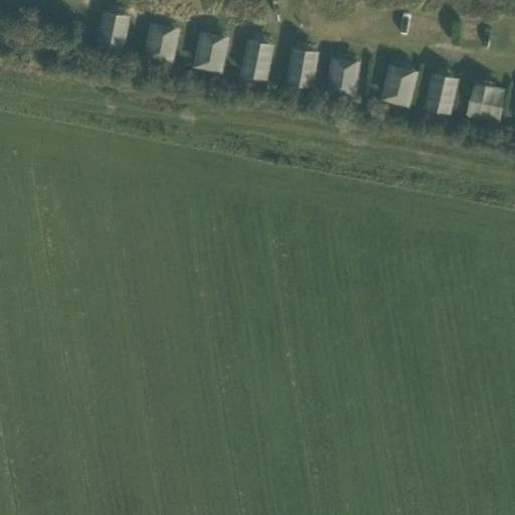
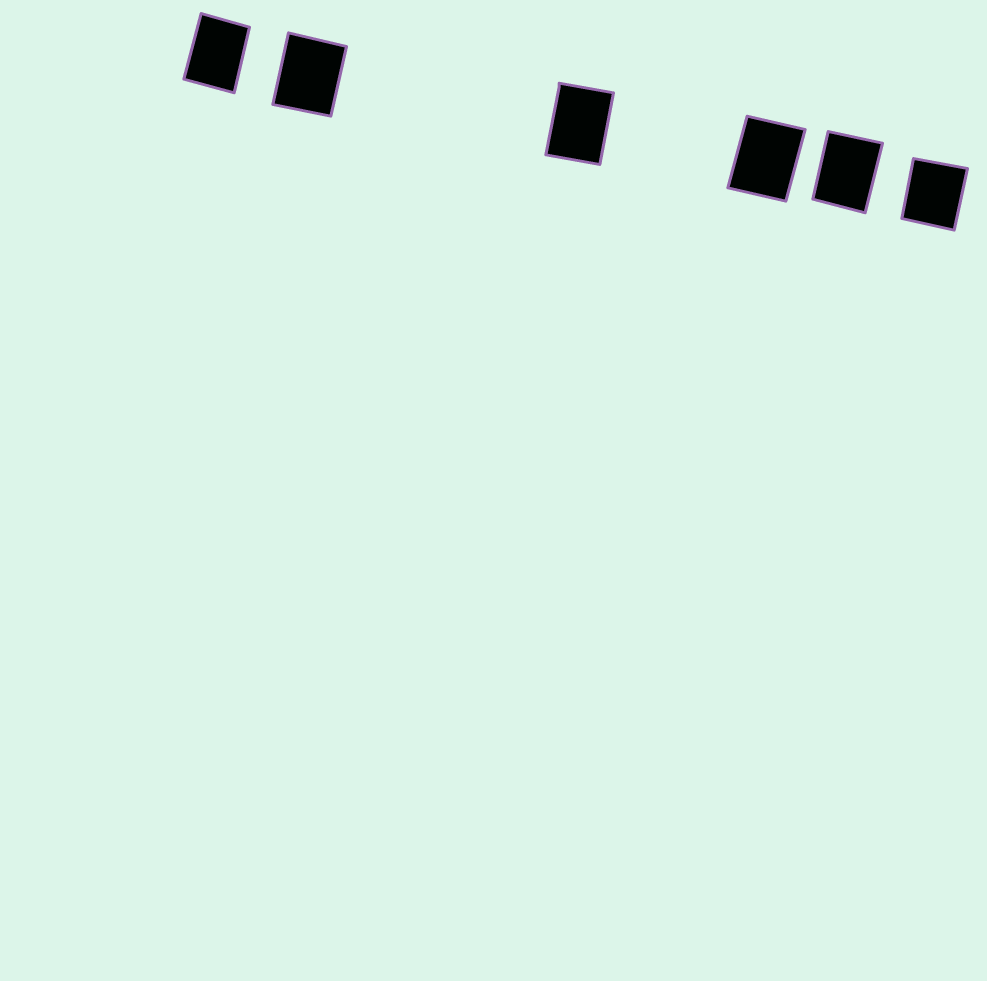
building: [192,31,230,73] -> none
building: [239,39,276,81] -> none
building: [327,57,362,99] -> none

